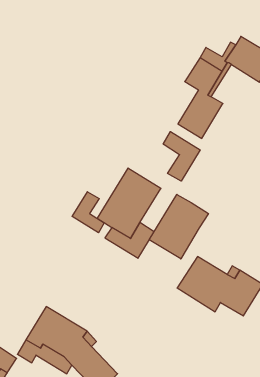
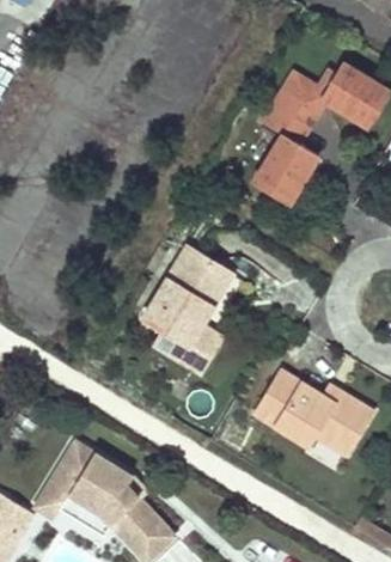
building: [163,132,200,181] -> none
building: [72,192,104,233] -> none
building: [149,194,208,259] -> none

